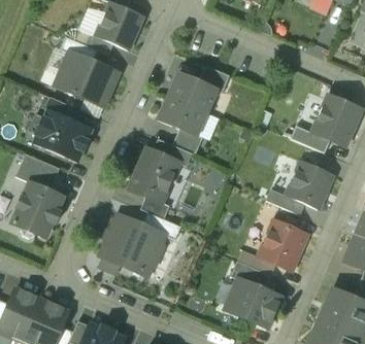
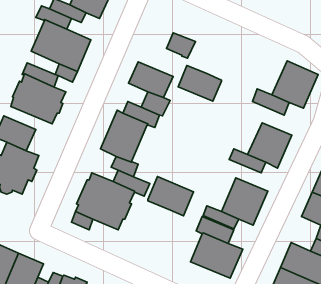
building: [169,73,215,111] -> [178,66,222,101]
building: none -> [148,177,193,216]

